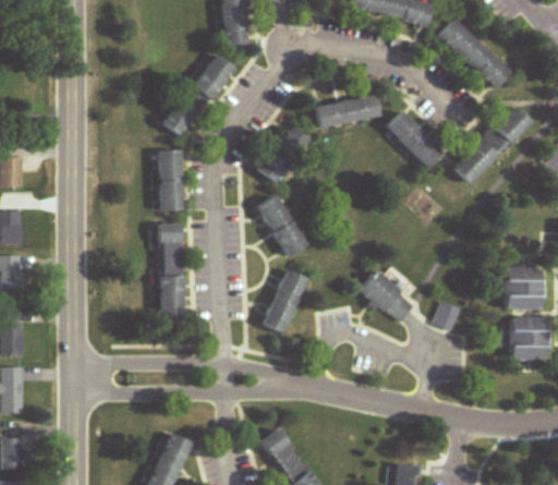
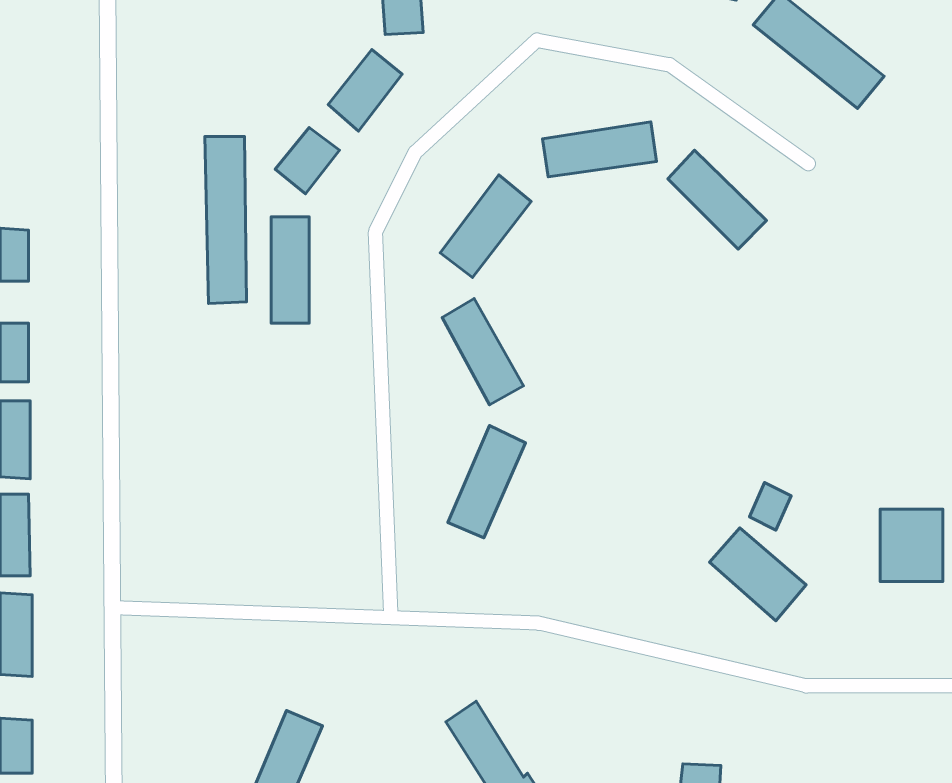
building: [454,105,530,185] -> none
building: [159,223,183,319] -> [205,136,247,304]
building: [505,267,542,307] -> none
building: [360,270,415,324] -> [709,528,806,621]

